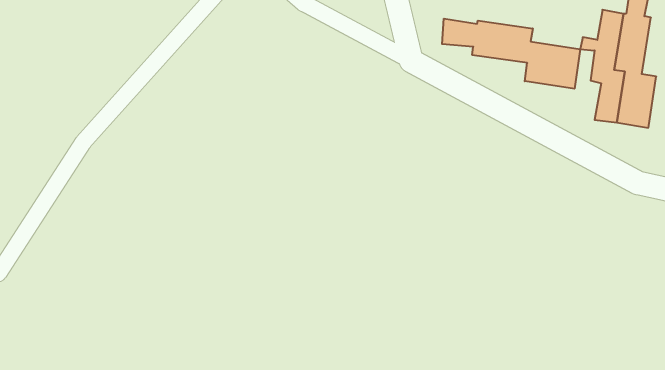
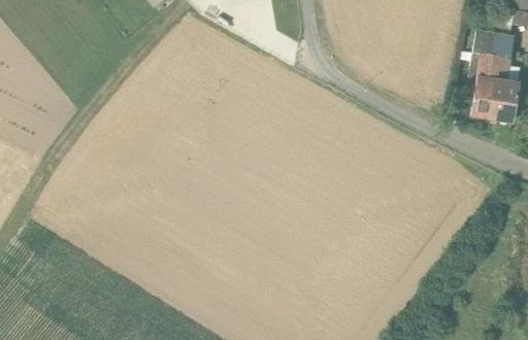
building: [442,19,580,89] -> none

